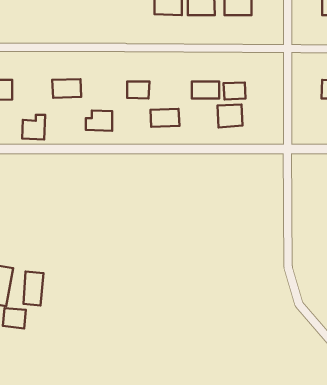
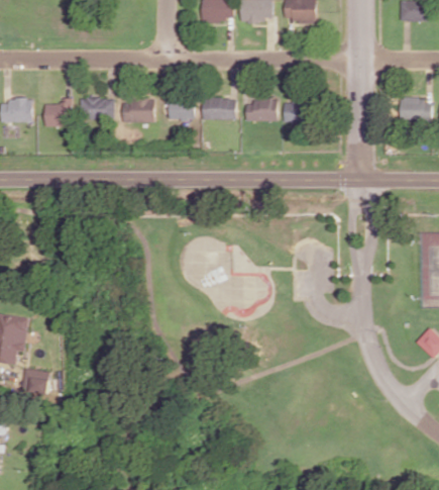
building: [218,104,242,127] -> none
building: [150,109,179,127] -> [202,98,236,119]
building: [86,110,112,131] -> [123,98,154,122]
building: [22,115,45,139] -> [44,97,72,126]
building: [23,271,44,306] -> none

